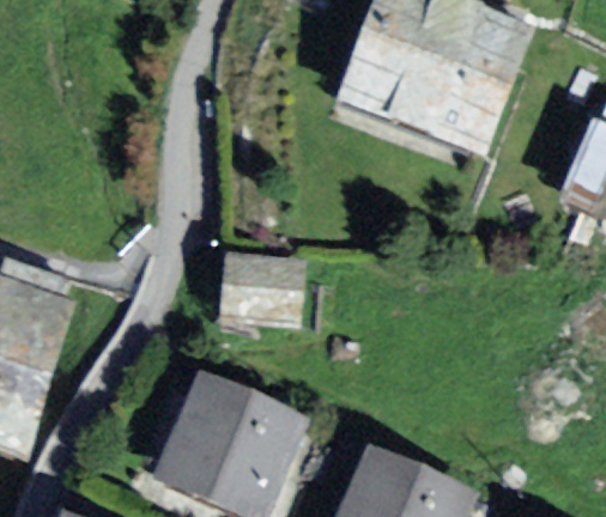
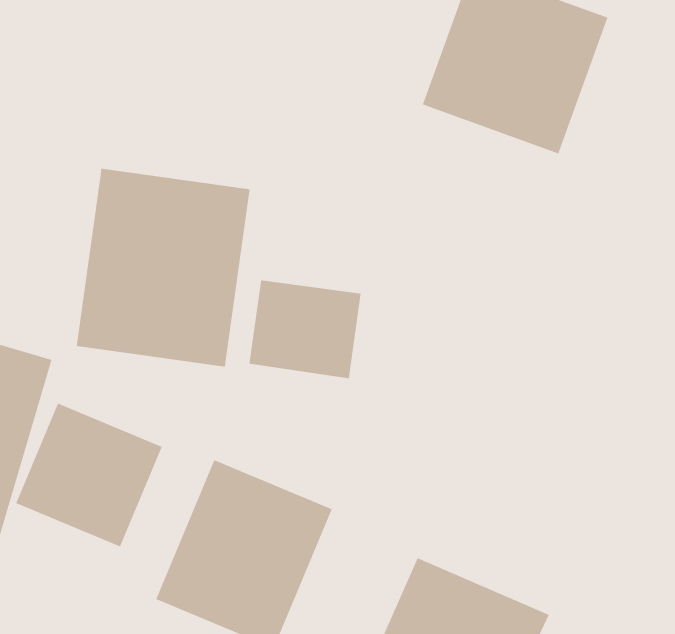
building: none -> [76,168,251,368]
building: none -> [15,402,163,548]

